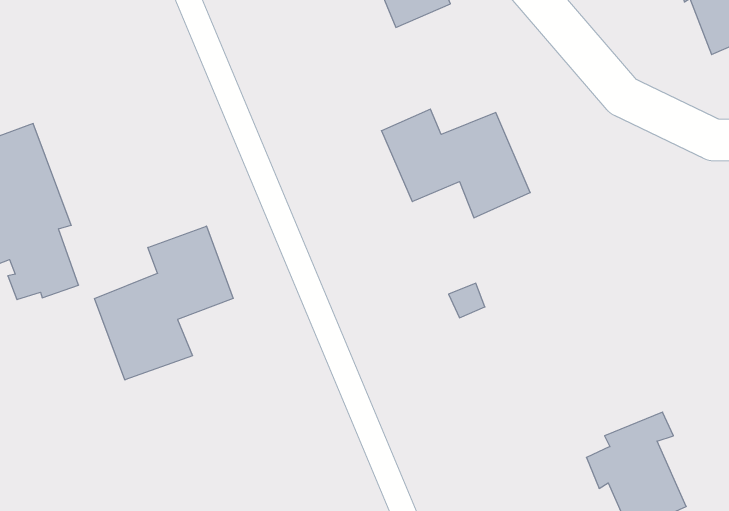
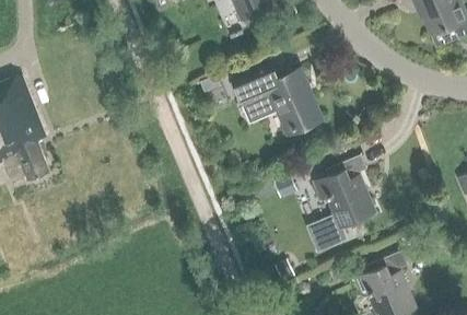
building: [94,226,233,380] -> none
building: none -> [315,154,374,247]

